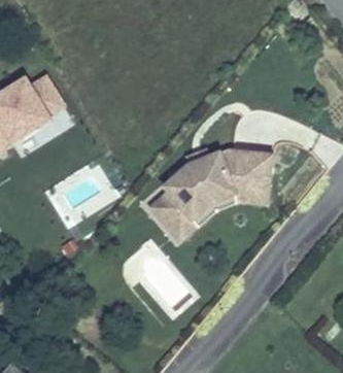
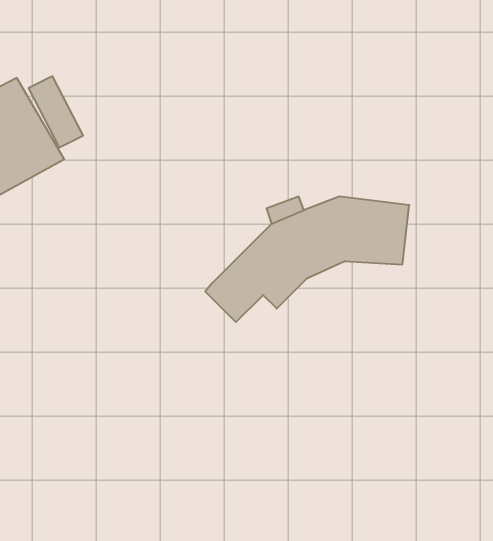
building: [161,184,262,235] -> none

